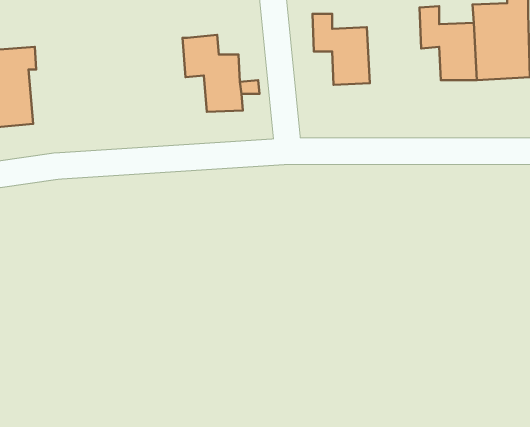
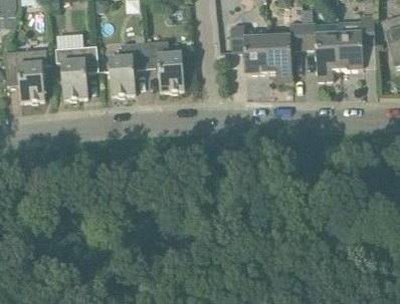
building: none -> [266,22,303,72]
building: none -> [108,42,146,95]
building: none -> [54,45,98,98]

